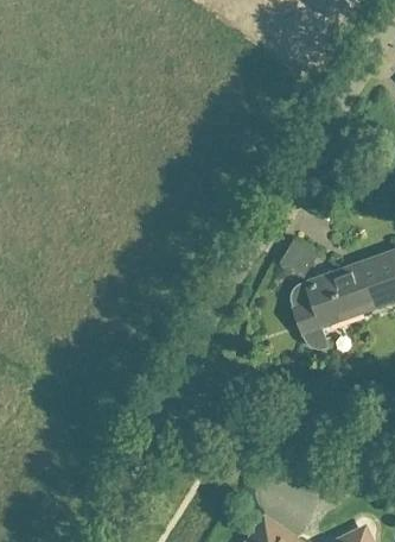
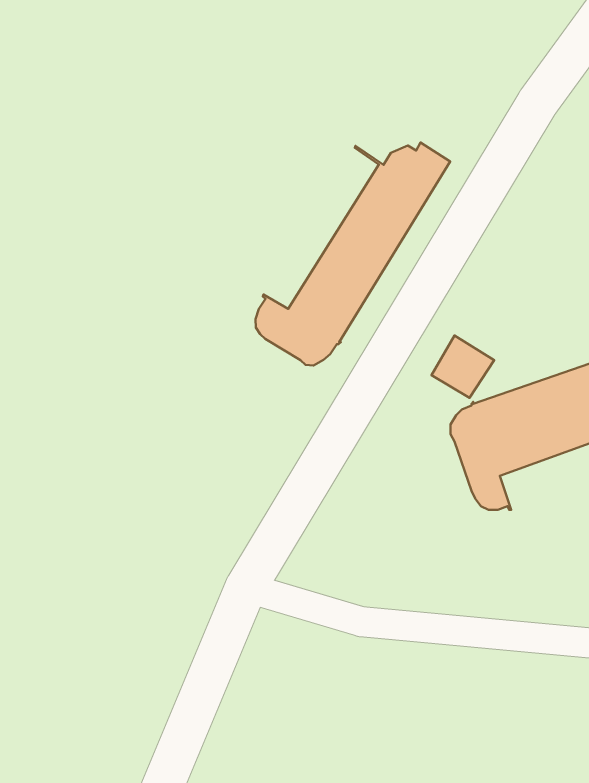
building: none -> [255,142,450,365]

